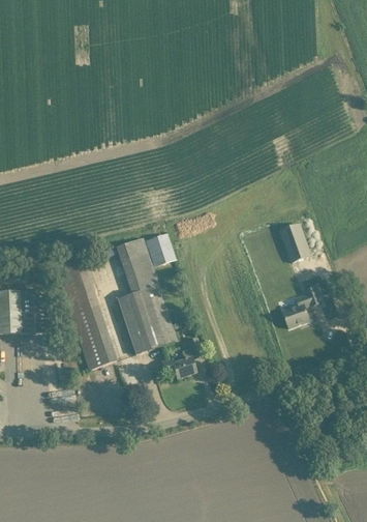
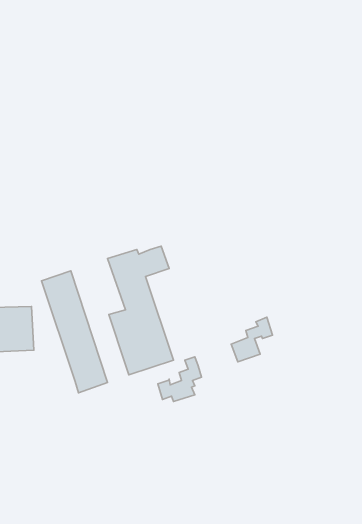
building: [281,224,311,263] -> none
building: [283,287,322,328] -> [231,317,273,362]

